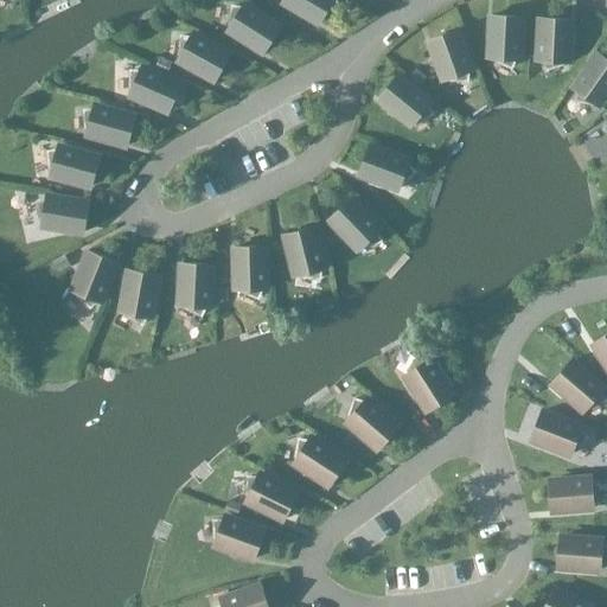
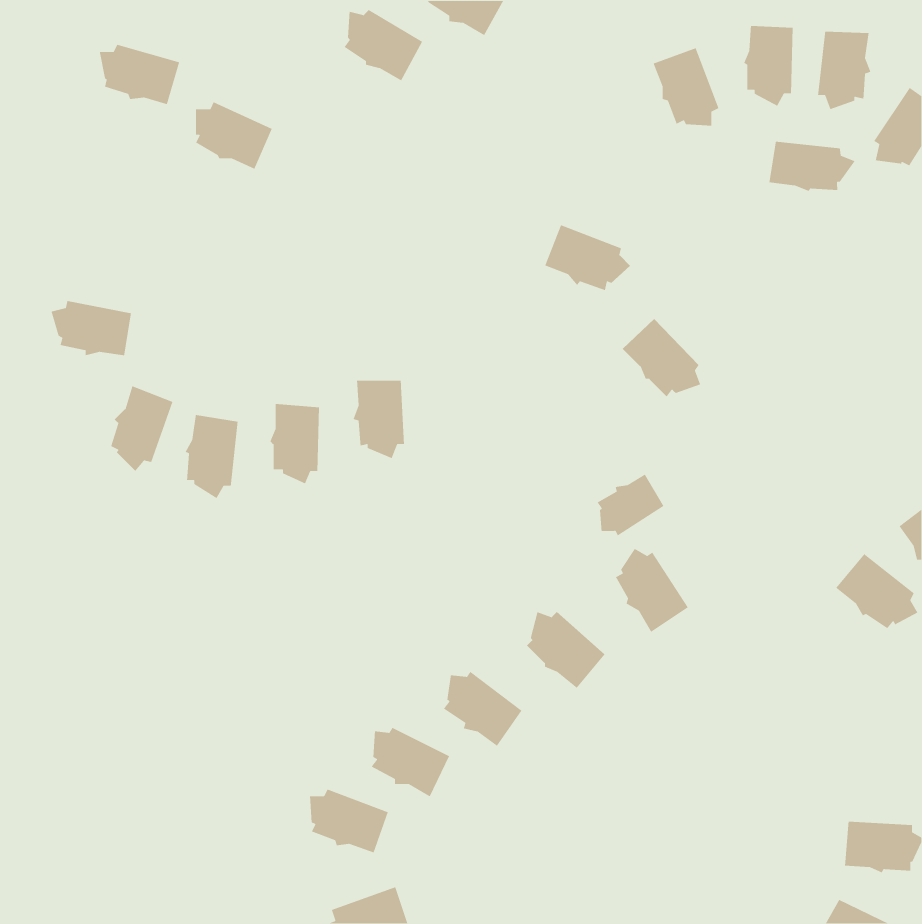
building: [175,34,228,82] -> none
building: [377,76,432,126] -> none
building: none -> [769,141,856,192]
building: [81,106,134,146] -> [99,44,180,105]
building: [45,146,97,187] -> none
building: [327,199,379,251] -> [622,318,701,398]
building: [283,230,322,282] -> none
building: none -> [597,473,664,536]
building: [526,413,583,455] -> none
building: [545,480,599,515] -> none

